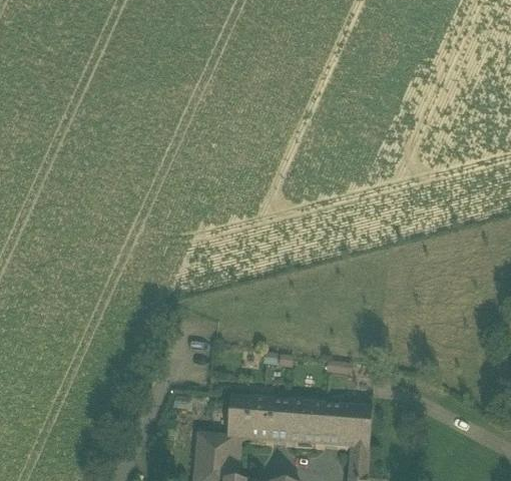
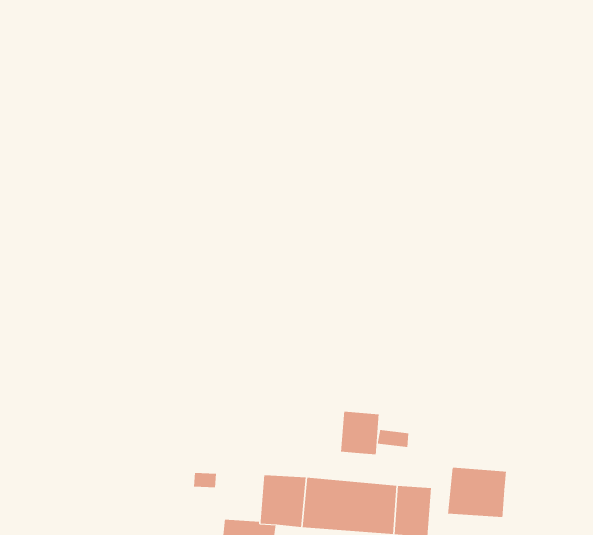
building: none -> [341,411,379,455]
building: none -> [448,467,506,518]

